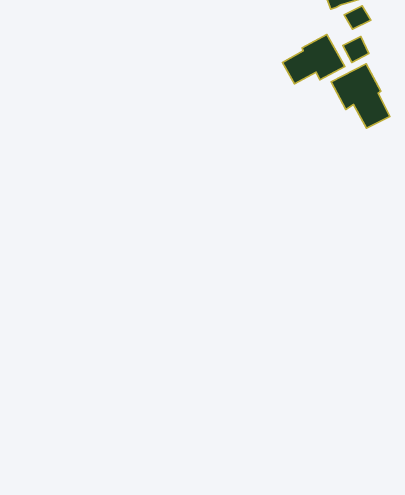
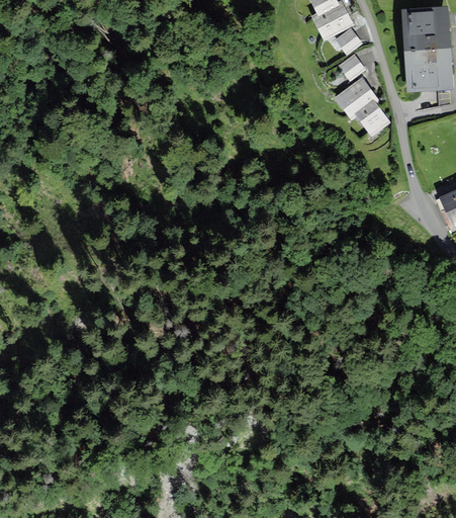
building: [283,34,345,84] -> none

